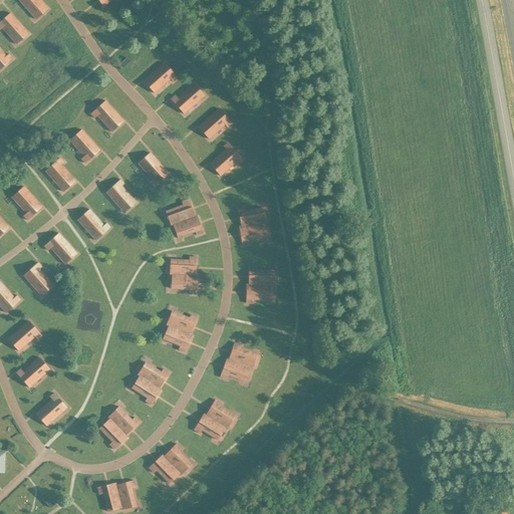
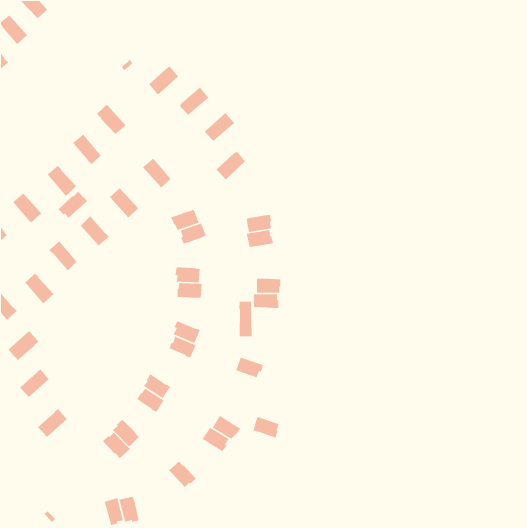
building: none -> [58,187,89,219]
building: none -> [235,301,253,337]
building: [221,359,253,381] -> [251,416,284,439]
building: [152,455,182,484] -> none

